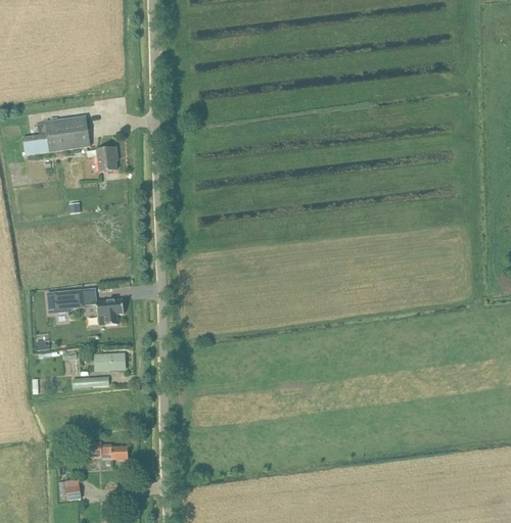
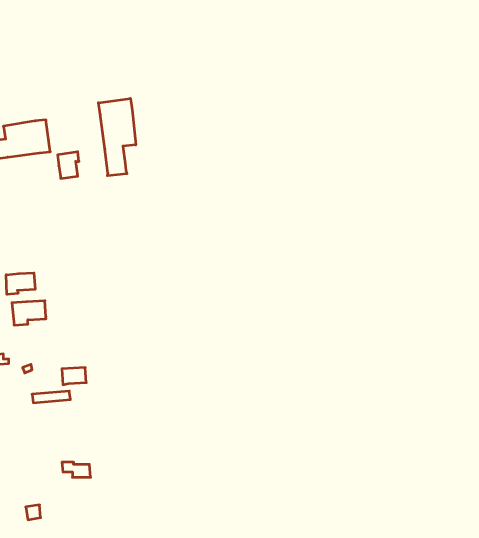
building: none -> [98,98,136,176]
building: none -> [6,273,35,294]
building: [95,298,123,325] -> none

